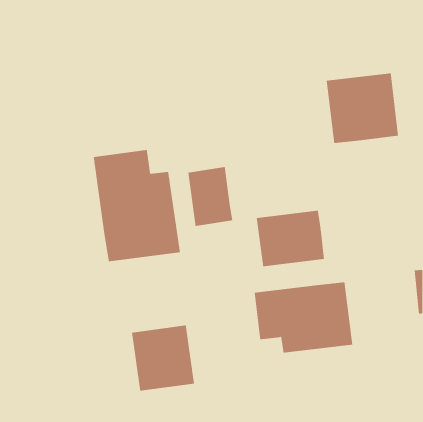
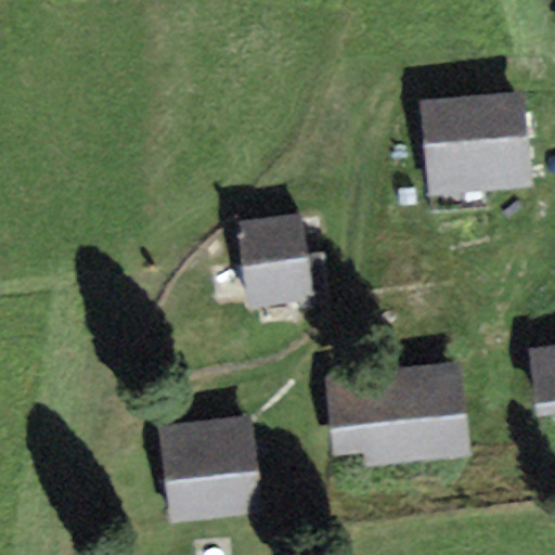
building: [93,149,180,262] -> none
building: [256,210,324,267] -> none

